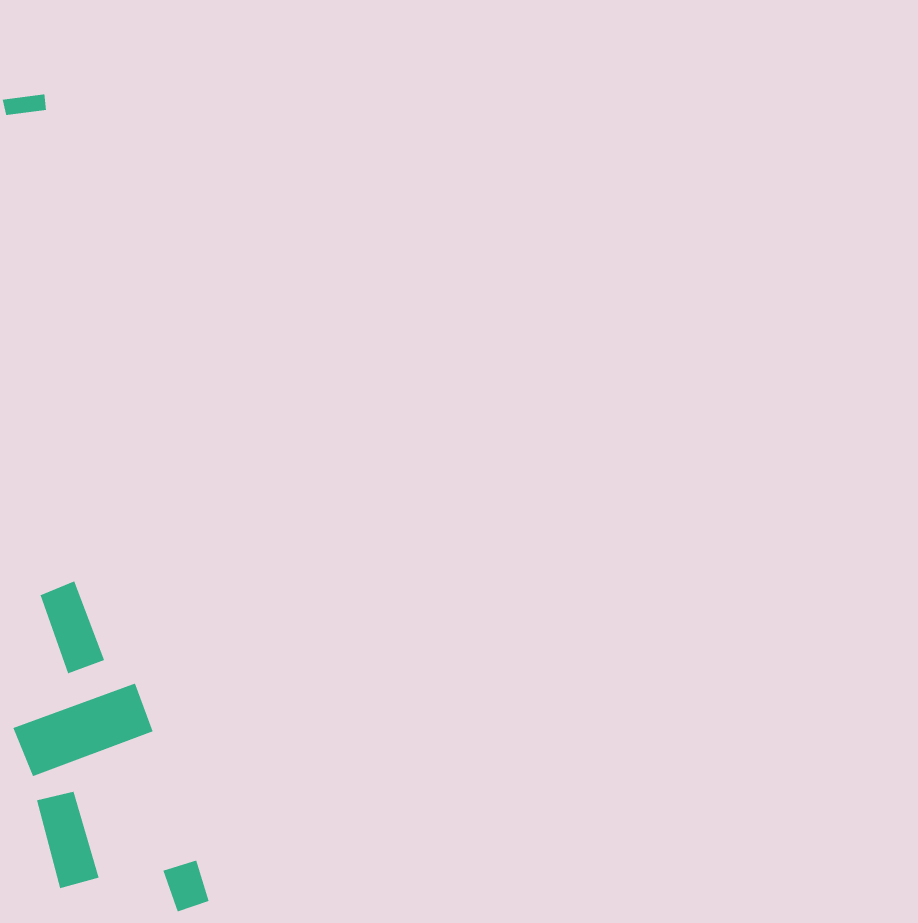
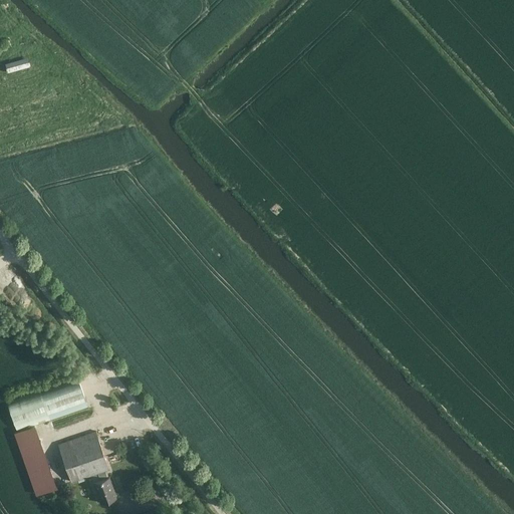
building: [40,581,105,674] -> none
building: none -> [56,431,108,484]

